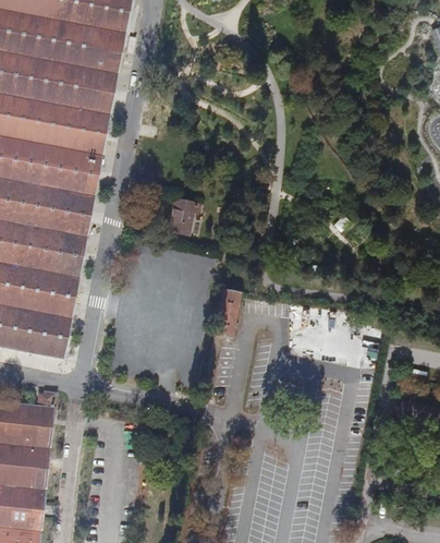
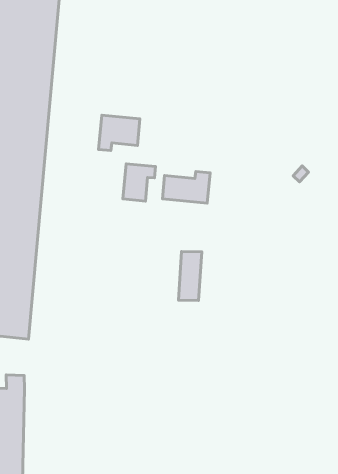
building: none -> [99,115,140,151]
building: none -> [163,171,210,203]

